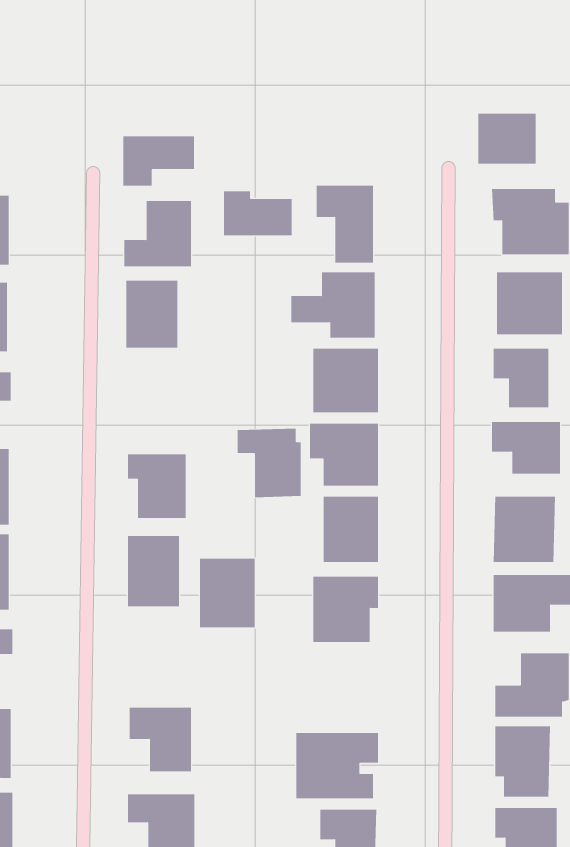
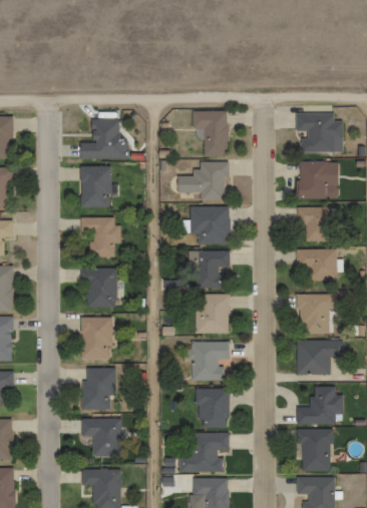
building: [478,113,536,165] -> none
building: [123,135,195,187] -> none
building: [224,190,292,236] -> none
building: [237,428,302,498] -> [81,216,119,258]
building: [199,558,255,628] -> [83,368,116,409]
building: none -> [197,388,230,427]

